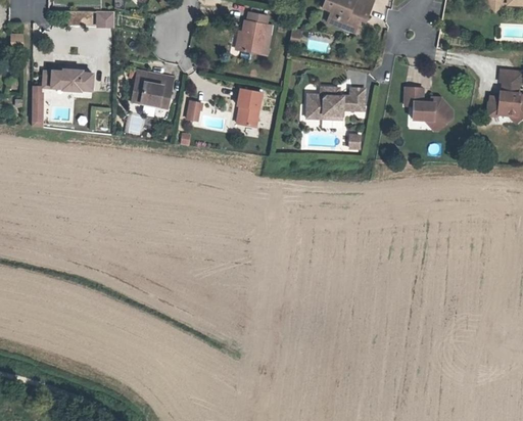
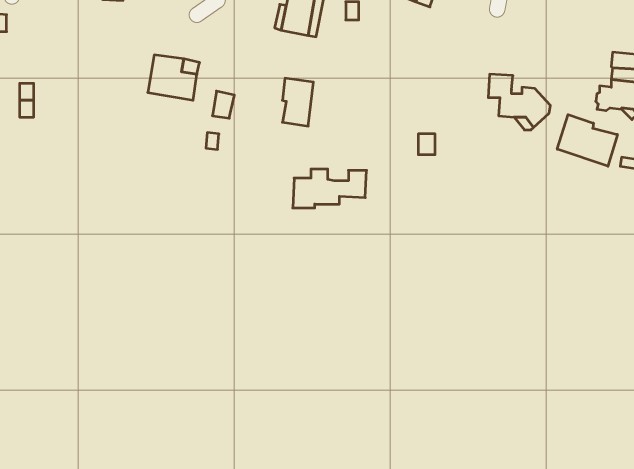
building: [44,69,94,92] -> none
building: [306,87,365,118] -> [293,169,367,208]
building: none -> [557,115,617,166]

